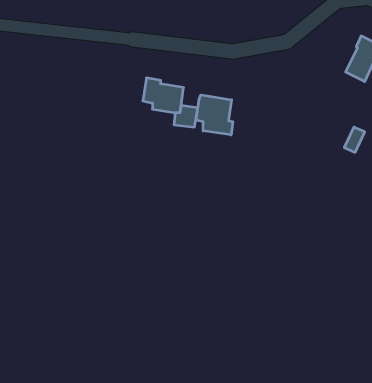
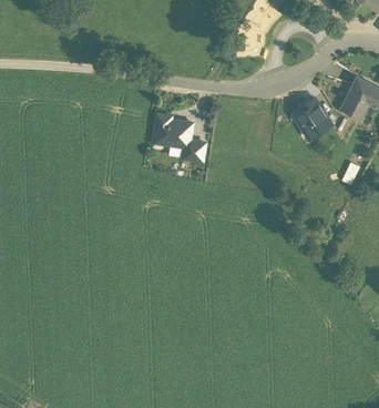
building: none -> [295,99,331,135]
building: [196,95,233,135] -> none

